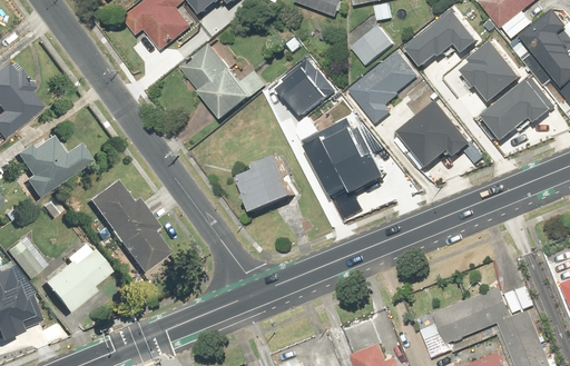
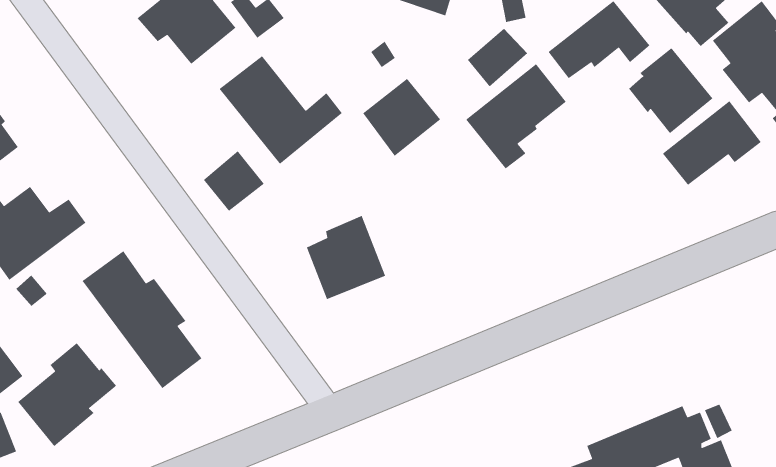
building: [396,98,474,167] -> none
building: none -> [203,150,265,212]
building: [302,117,383,192] -> none

